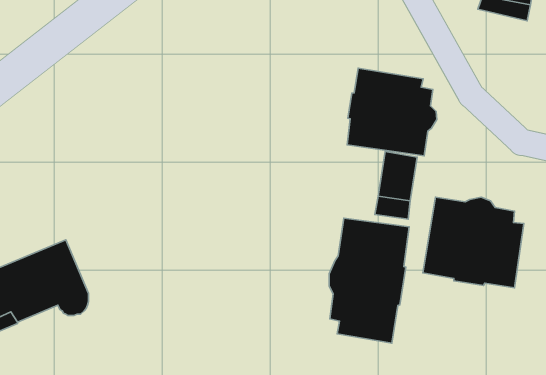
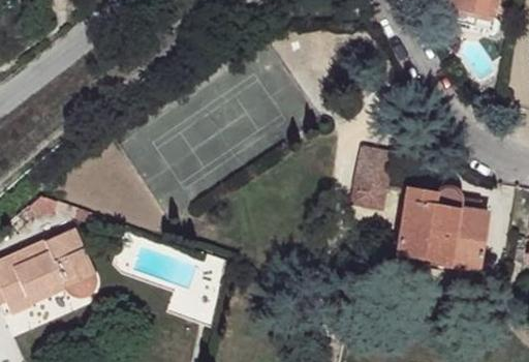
building: [347,68,437,156] -> none
building: [329,218,409,343] -> none

